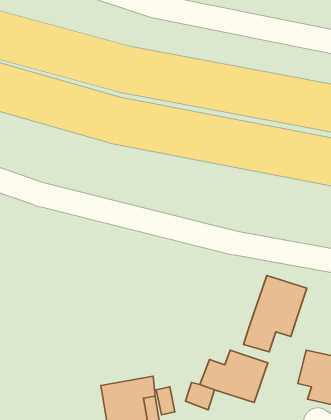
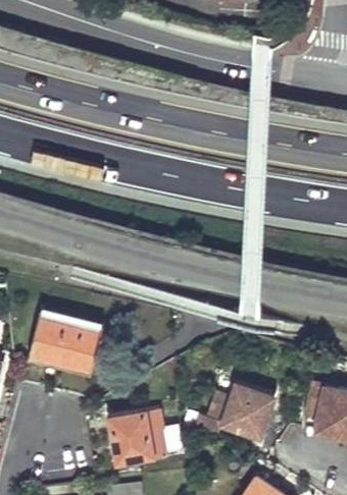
building: none -> [30,310,105,373]
building: [243,275,307,352] -> none

